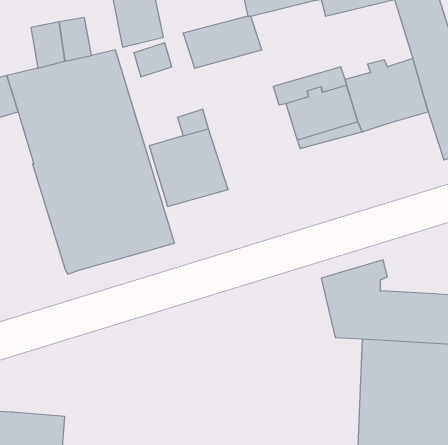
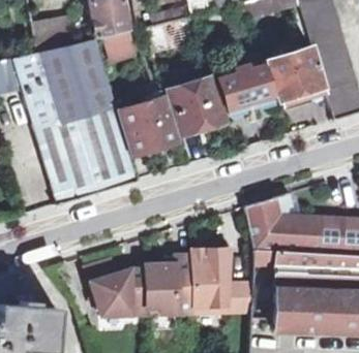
building: none -> [168,76,226,134]
building: none -> [92,250,255,317]

